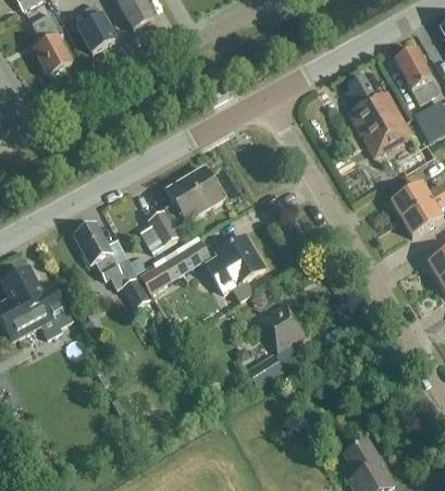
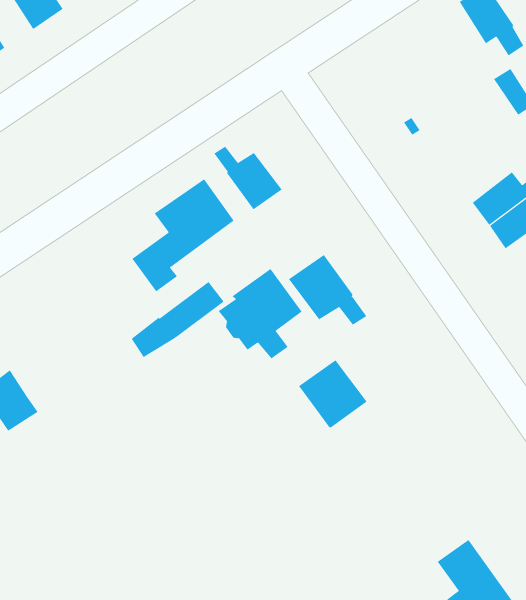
building: [346,74,413,158] -> none
building: none -> [214,146,282,210]
building: [74,222,148,307] -> none
building: none -> [288,254,367,325]
building: [248,349,289,385] -> none

